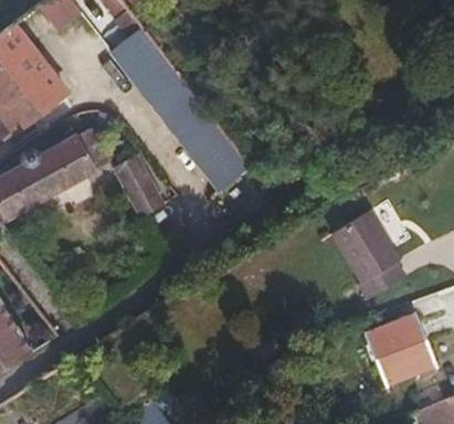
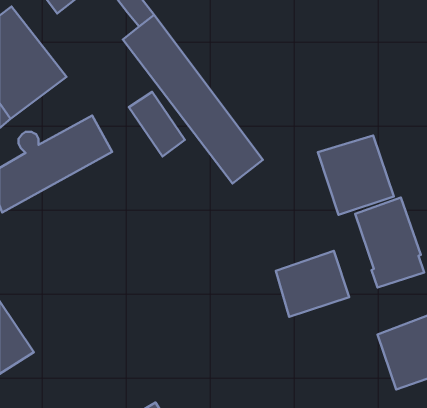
building: none -> [318,136,394,215]
building: [113,156,166,216] -> [129,92,185,156]
building: none -> [276,251,349,317]

